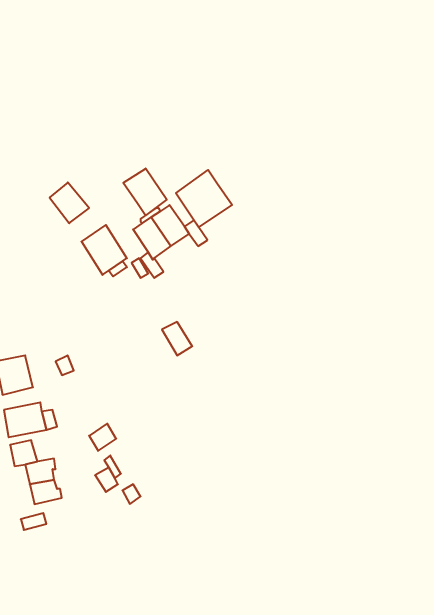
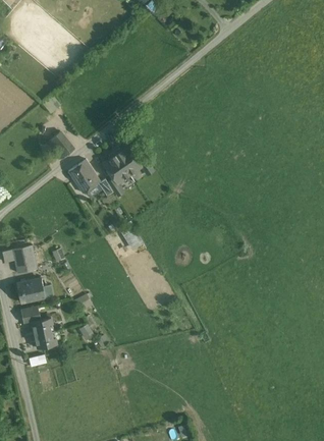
building: [123,168,167,215] -> none
building: [176,170,232,227] -> none

